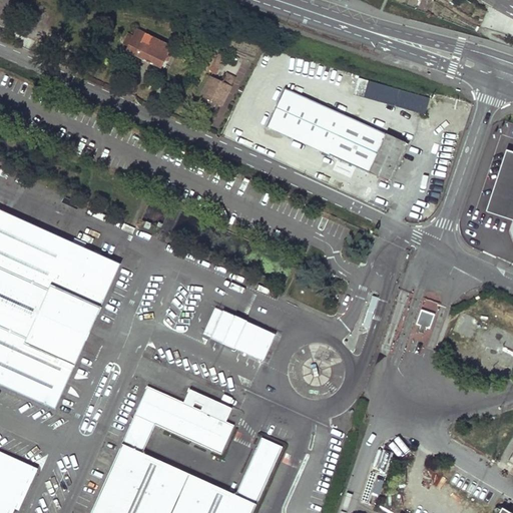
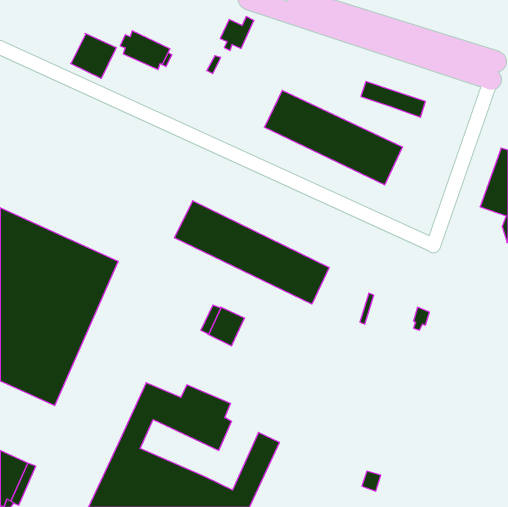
building: none -> [71,33,116,78]
building: [200,73,234,107] -> [220,17,254,50]
building: none -> [175,201,329,304]
building: [234,321,275,361] -> none

